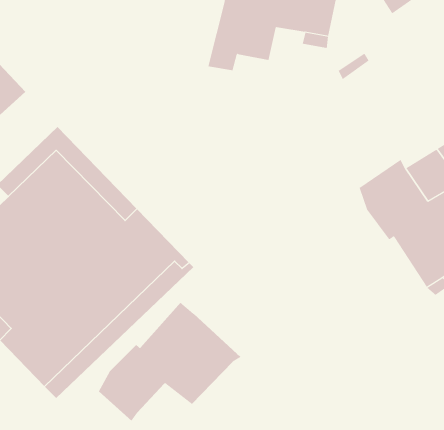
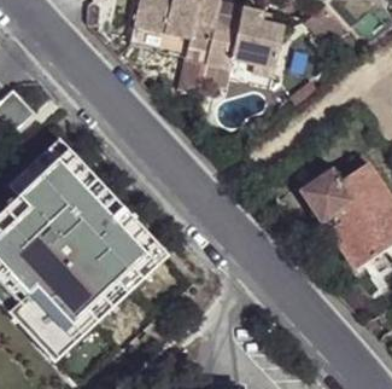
building: [98,302,241,421] -> none

